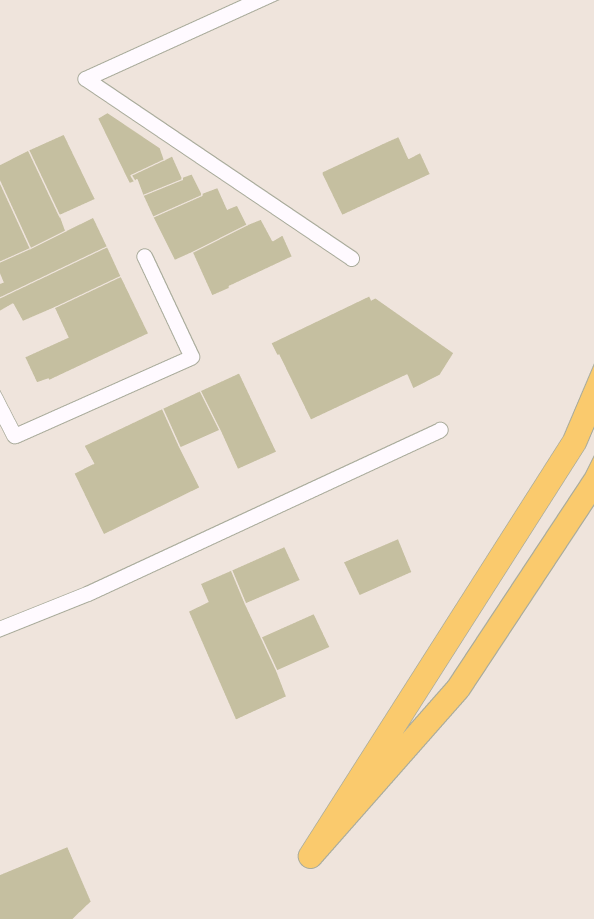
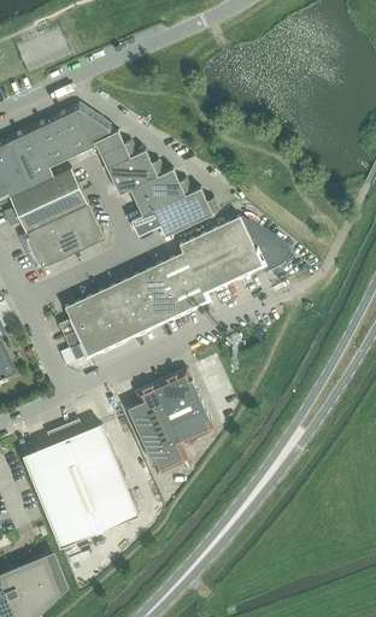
building: none -> [51,108,90,158]
building: [322,137,430,216] -> [152,189,218,237]
building: none -> [19,224,53,254]
building: none -> [158,253,205,312]
building: none -> [122,299,157,334]
building: [343,539,412,596] -> [161,390,204,425]
building: none -> [22,423,137,550]

